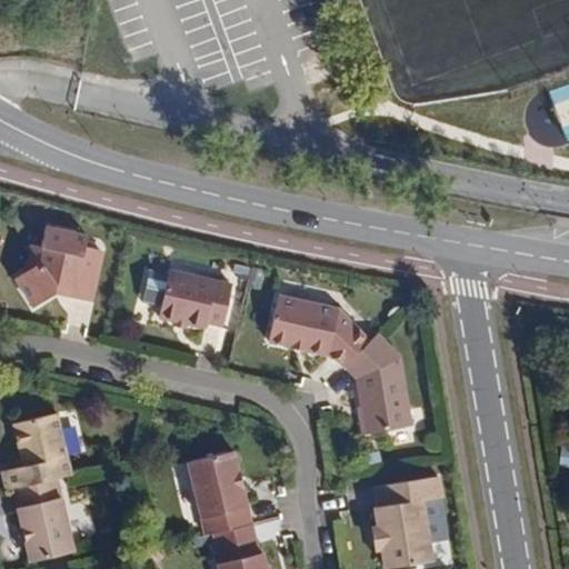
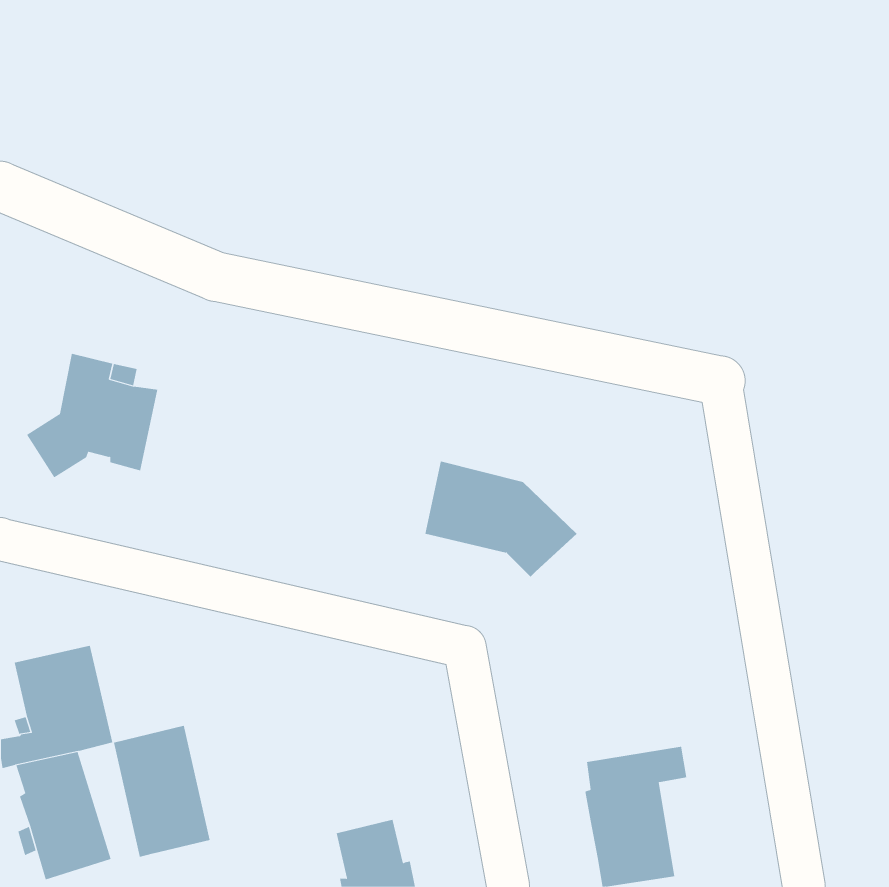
building: [140,271,231,329] -> none
building: [342,333,410,435] -> none
building: [189,450,251,535] -> [113,725,211,857]

